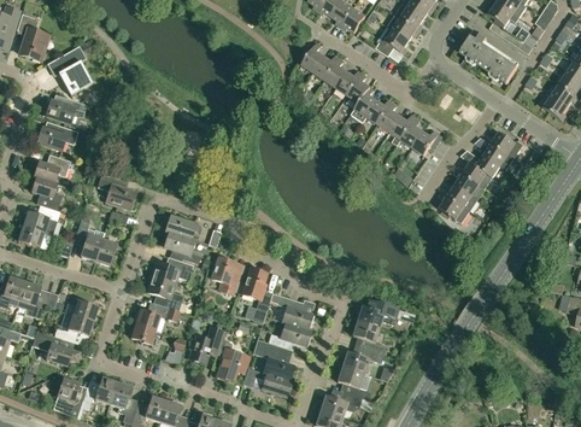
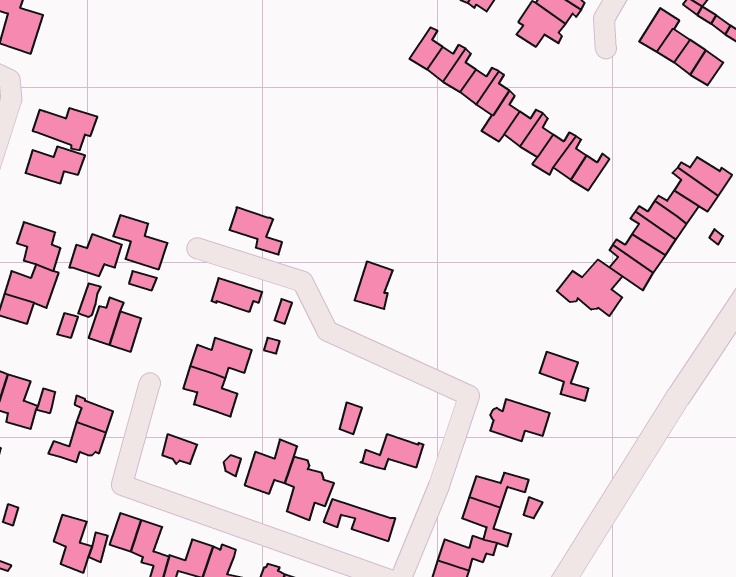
building: [58,45,92,94] -> none
building: [34,153,70,182] -> [69,234,122,276]
building: none -> [557,260,622,316]
building: [164,230,200,263] -> [229,207,282,255]
building: [211,257,243,293] -> none
building: [241,267,268,299] -> [354,262,393,309]
building: [269,292,312,329] -> none
building: [135,302,180,331] -> none
building: [352,320,386,353] -> [539,352,589,401]
building: [31,329,80,364] -> none
building: [252,337,293,380] -> none

